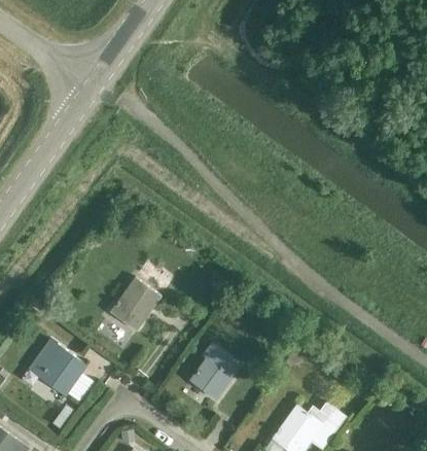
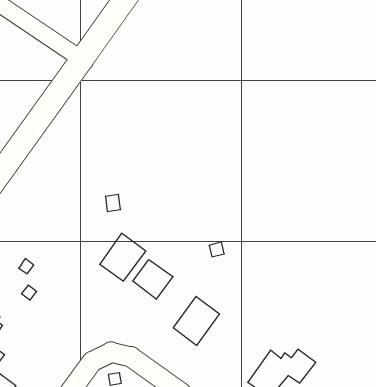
building: none -> [133,260,173,299]
building: [39,347,85,395] -> none

